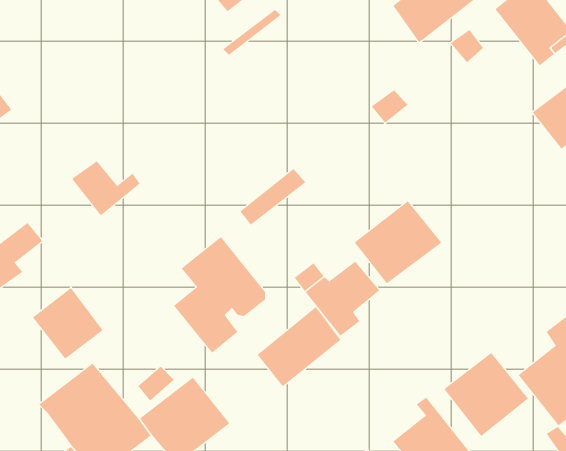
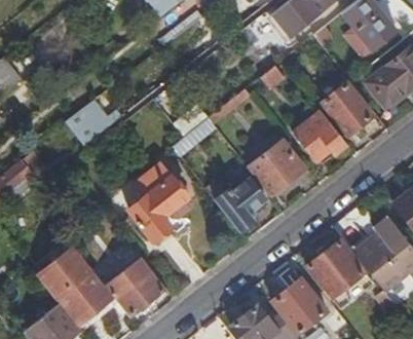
building: none -> [323,85,371,135]
building: none -> [292,110,347,163]
building: [32,287,103,359] -> none
building: [257,306,341,387] -> none

